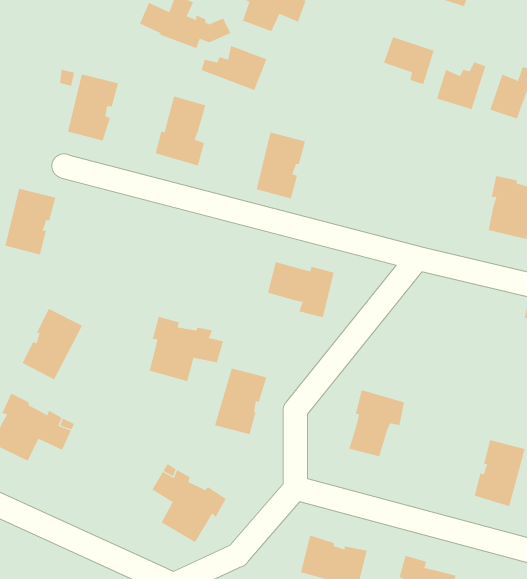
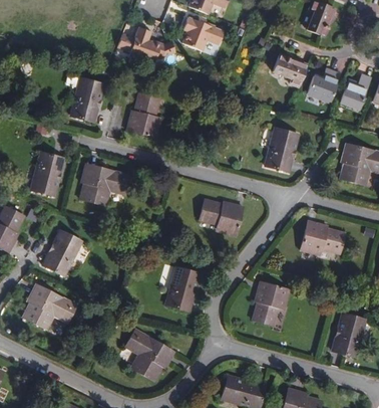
building: [201,45,267,91] -> none
building: [256,132,306,199] -> [266,129,298,172]
building: none -> [300,220,345,254]
building: [149,316,224,382] -> [80,163,128,205]

